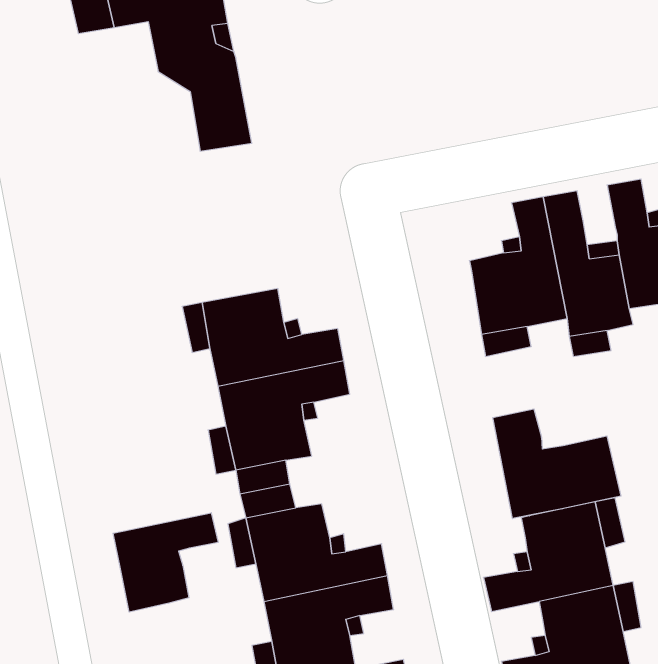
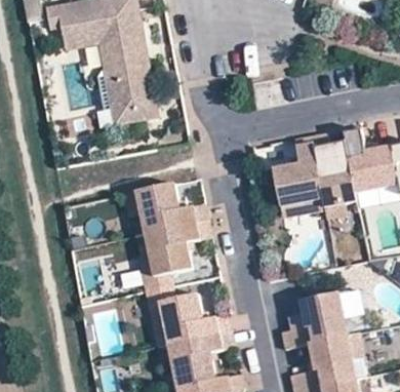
building: none -> [111,69,161,123]
building: [493,409,621,519] -> none
building: [113,513,218,612] -> none

